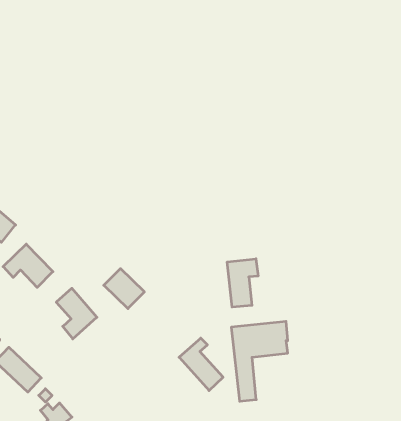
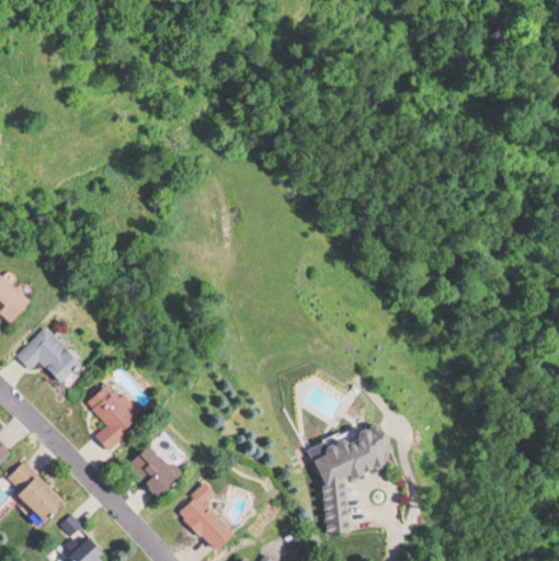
building: [227,259,258,307] -> none
building: [104,269,144,309] -> [127,445,181,497]
building: [179,338,223,391] -> [176,483,235,552]

